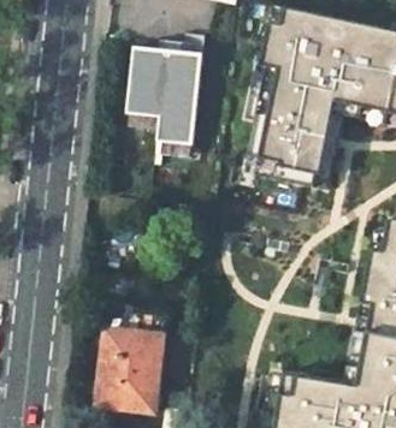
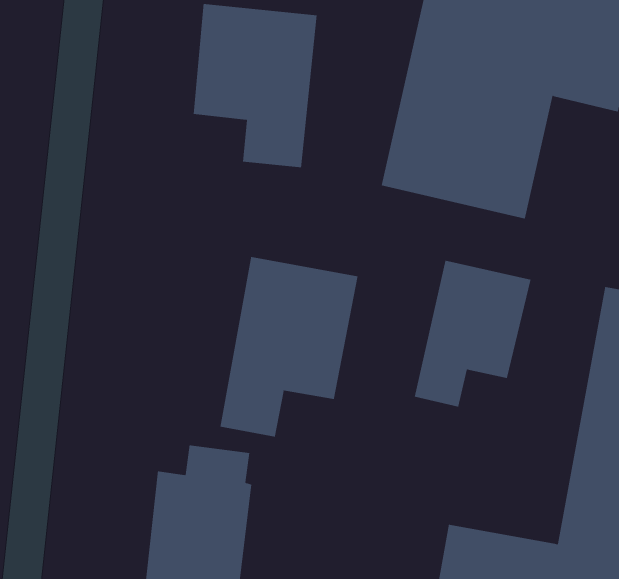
building: none -> [220,256,358,438]
building: none -> [414,260,531,408]

